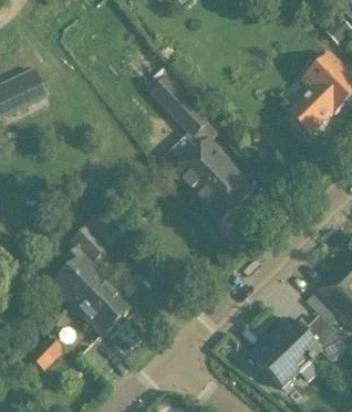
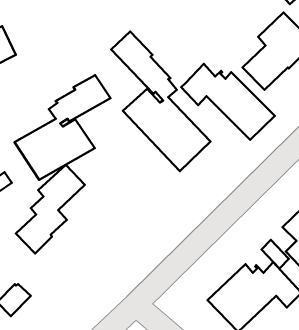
building: none -> [181,64,275,140]
building: none -> [15,75,110,180]
building: [69,270,132,335] -> none

